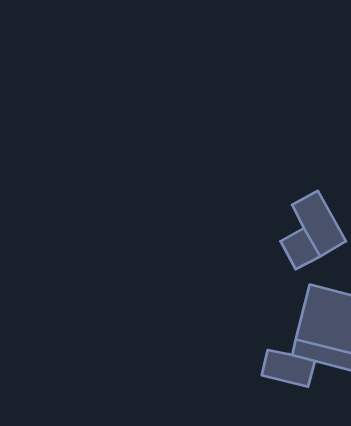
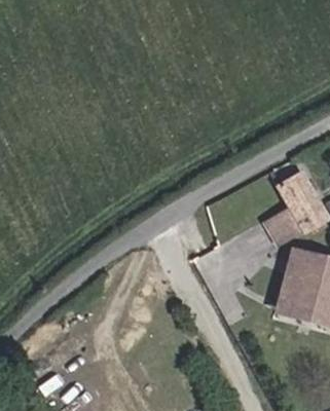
building: [262,350,315,387] -> none

